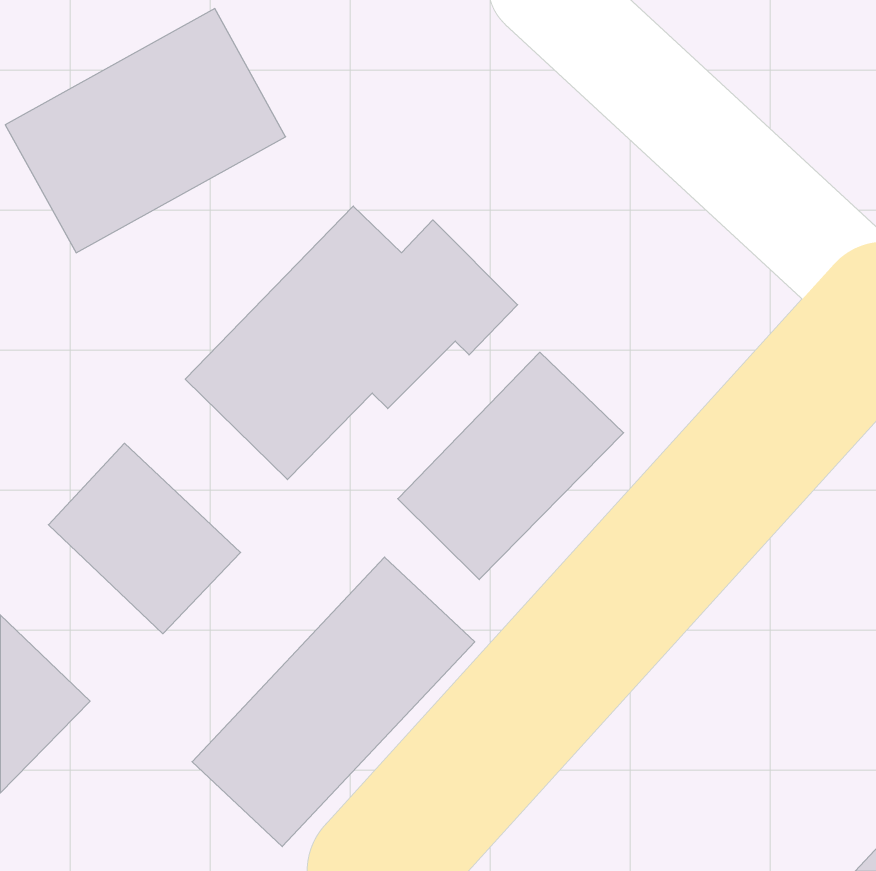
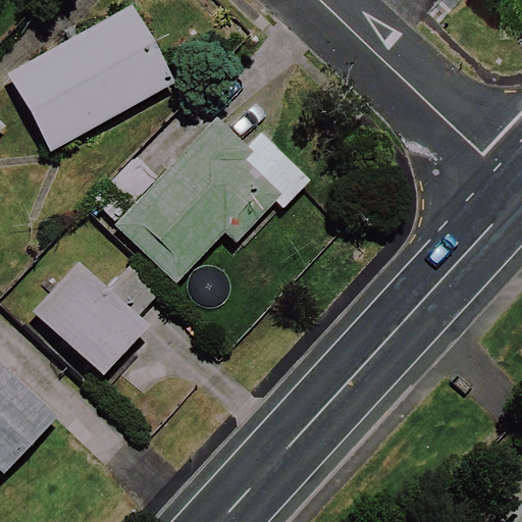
building: [398,352,624,580] -> none
building: [192,557,475,847] -> none

